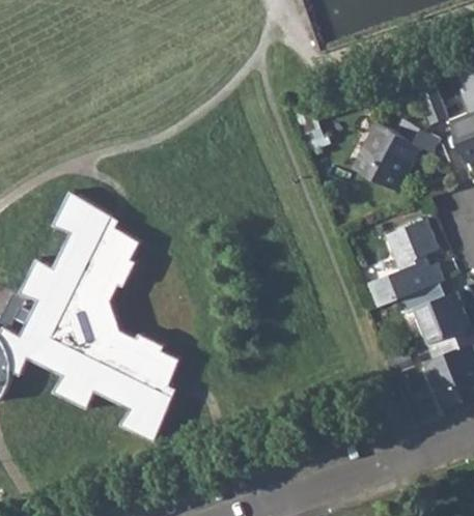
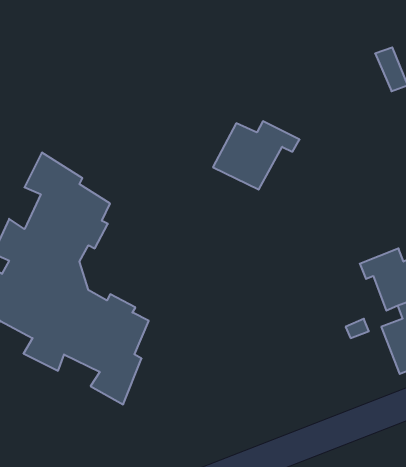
building: [346,122,435,192] -> [213,121,300,190]
building: [364,221,439,308] -> none

